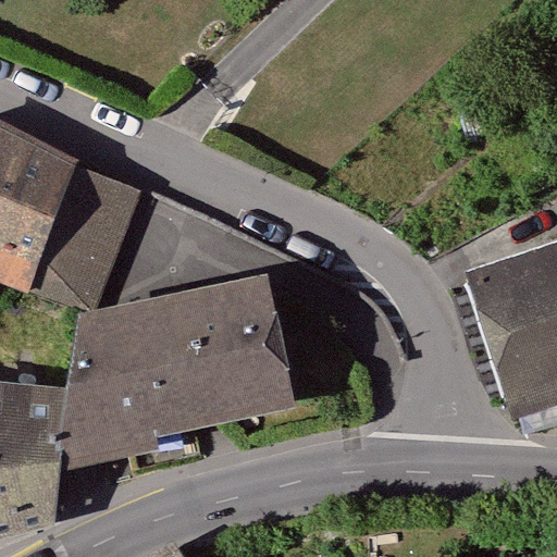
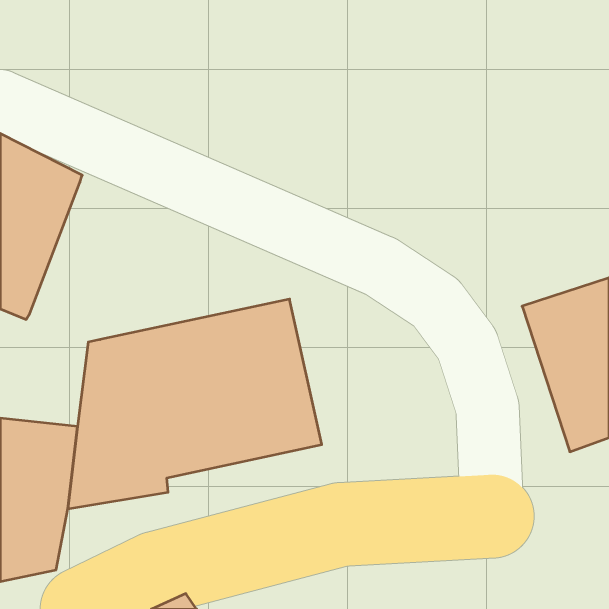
building: [27,166,137,310] -> none

